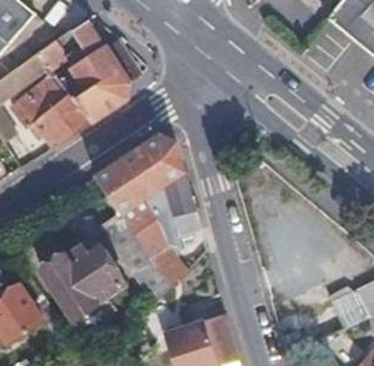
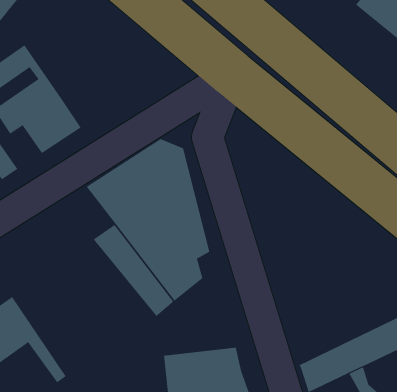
building: [64,23,127,124] -> none
building: [41,234,124,315] -> none

